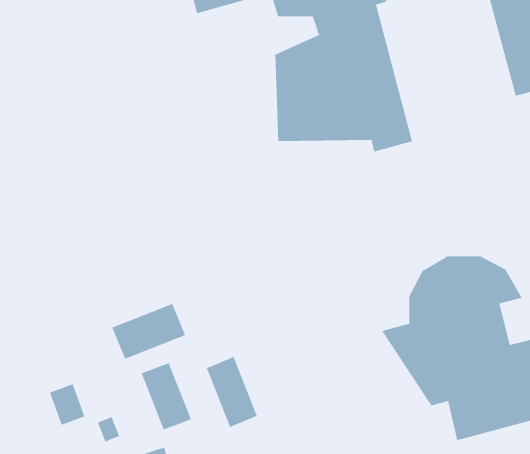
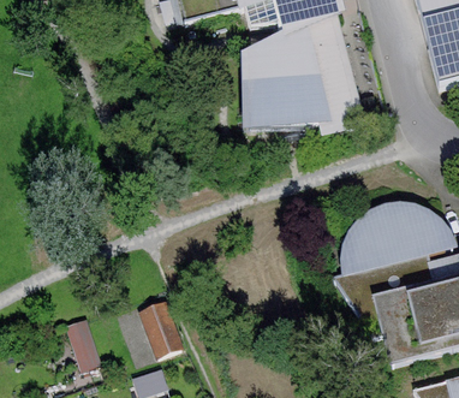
building: [111,303,186,360] -> none
building: [206,356,257,428] -> none

